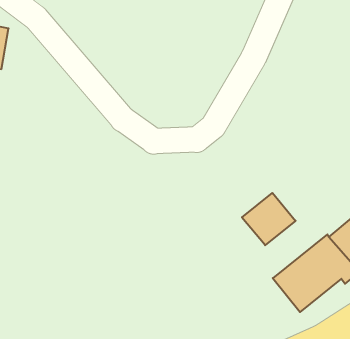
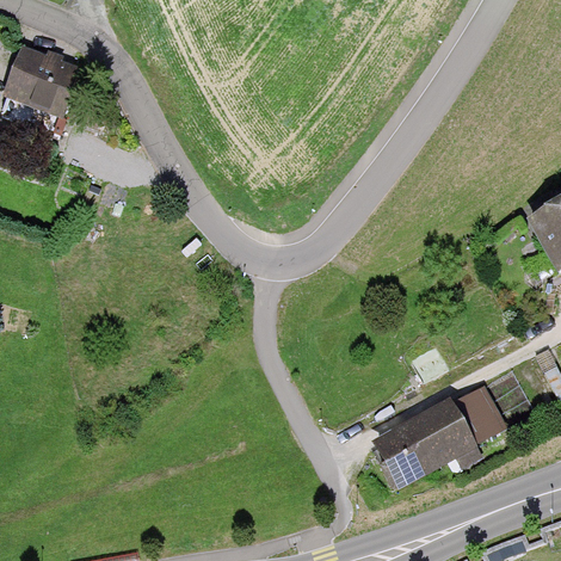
building: [242,193,296,245] -> none

